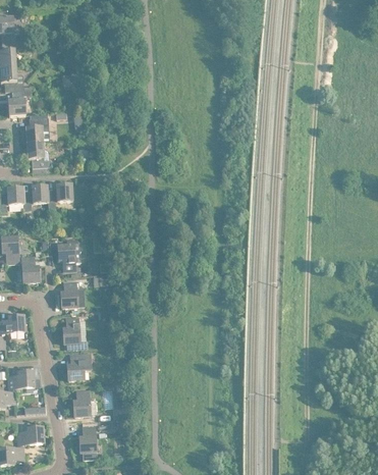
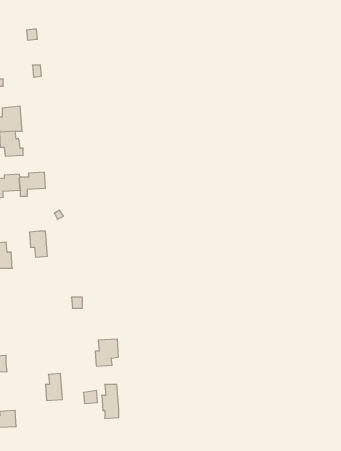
building: [60,279,77,307] -> none
building: [63,316,79,344] -> none
building: [67,352,91,379] -> [95,339,118,366]
building: [79,425,97,460] -> [102,384,119,418]

